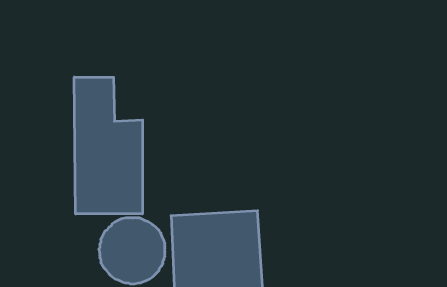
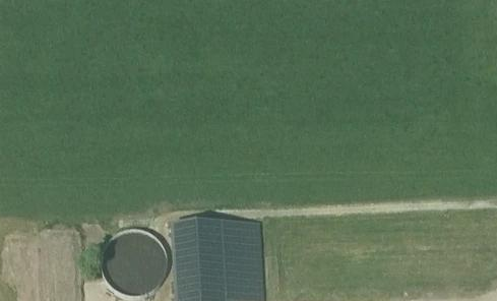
building: [74,77,143,214] -> none

